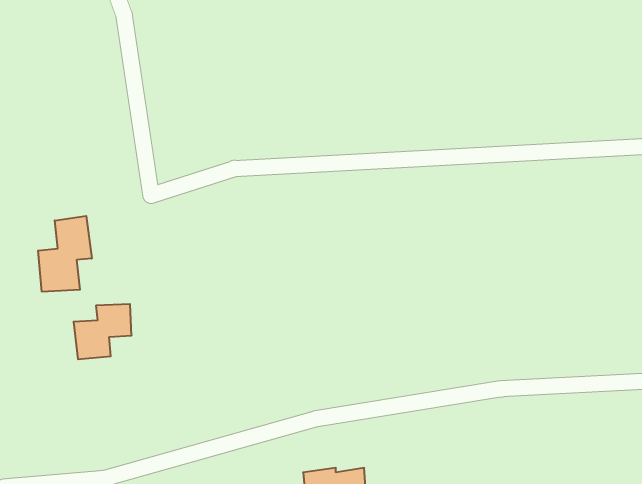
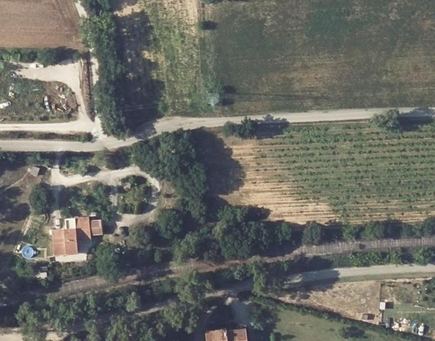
building: [38,216,92,292] -> none

